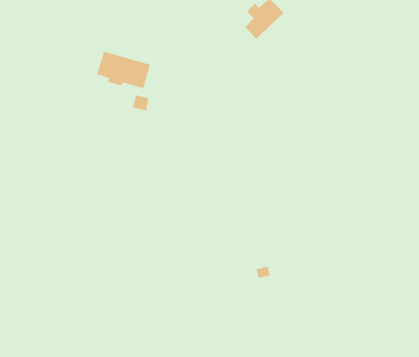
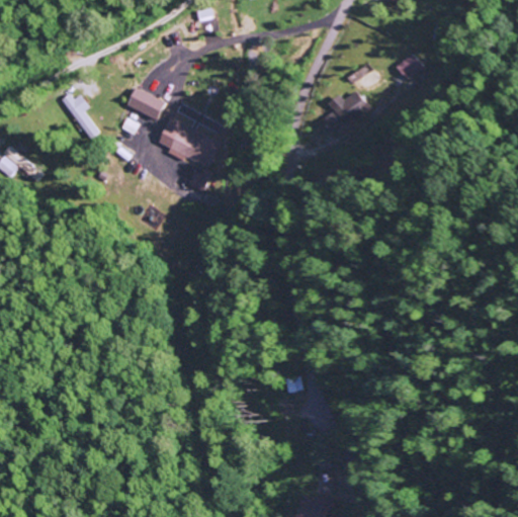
building: none -> [124,88,164,118]
building: none -> [63,93,97,139]

